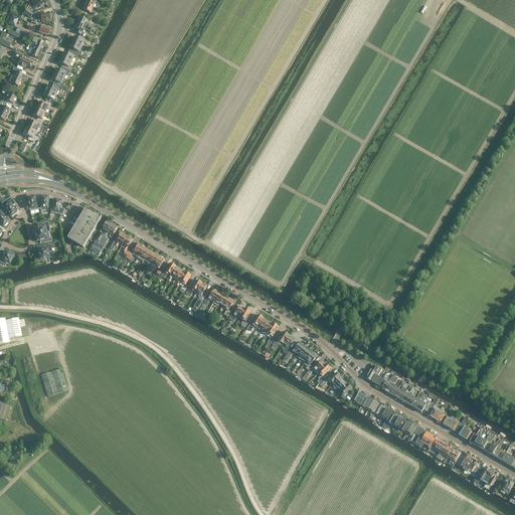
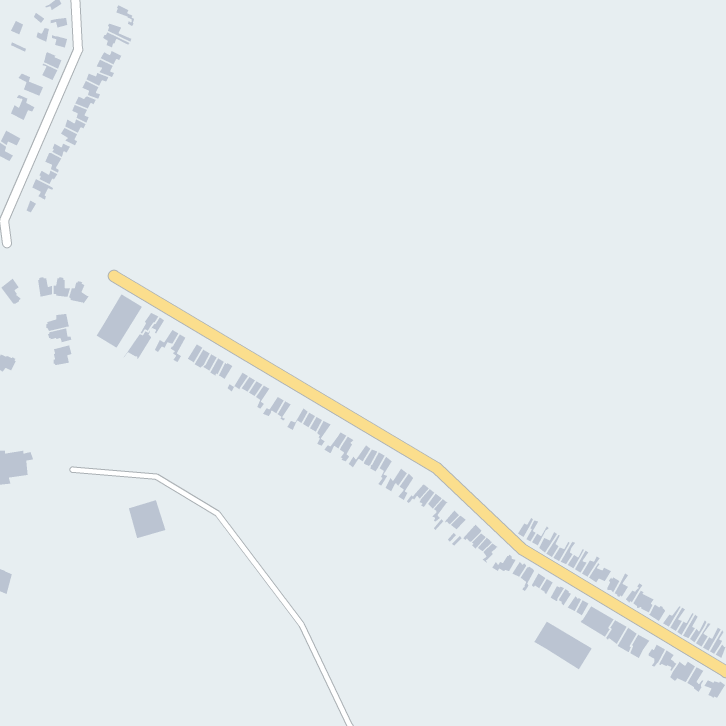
building: [40,368,67,396] -> [128,499,166,539]
building: none -> [533,621,593,670]

